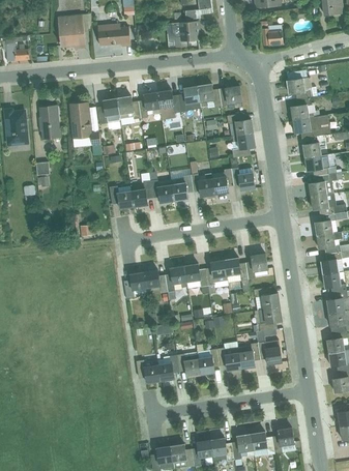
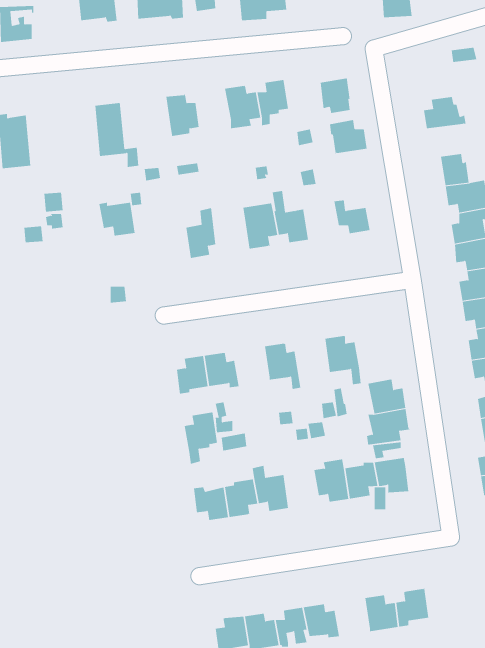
building: [286,77,315,99] -> none
building: [197,83,223,108] -> none
building: [138,92,161,118] -> none
building: [96,97,120,124] -> none
building: [37,105,59,139] -> none
building: [292,116,326,138] -> none
building: [231,133,255,156] -> none
building: [210,168,233,194] -> none
building: [148,171,173,203] -> none
building: [109,185,134,208] -> [98,202,136,236]
building: [244,253,267,279] -> none
building: [204,260,228,293] -> none
building: [164,265,186,300] -> [184,412,218,464]
building: [197,348,220,374] -> none
building: [231,434,254,460] -> none

